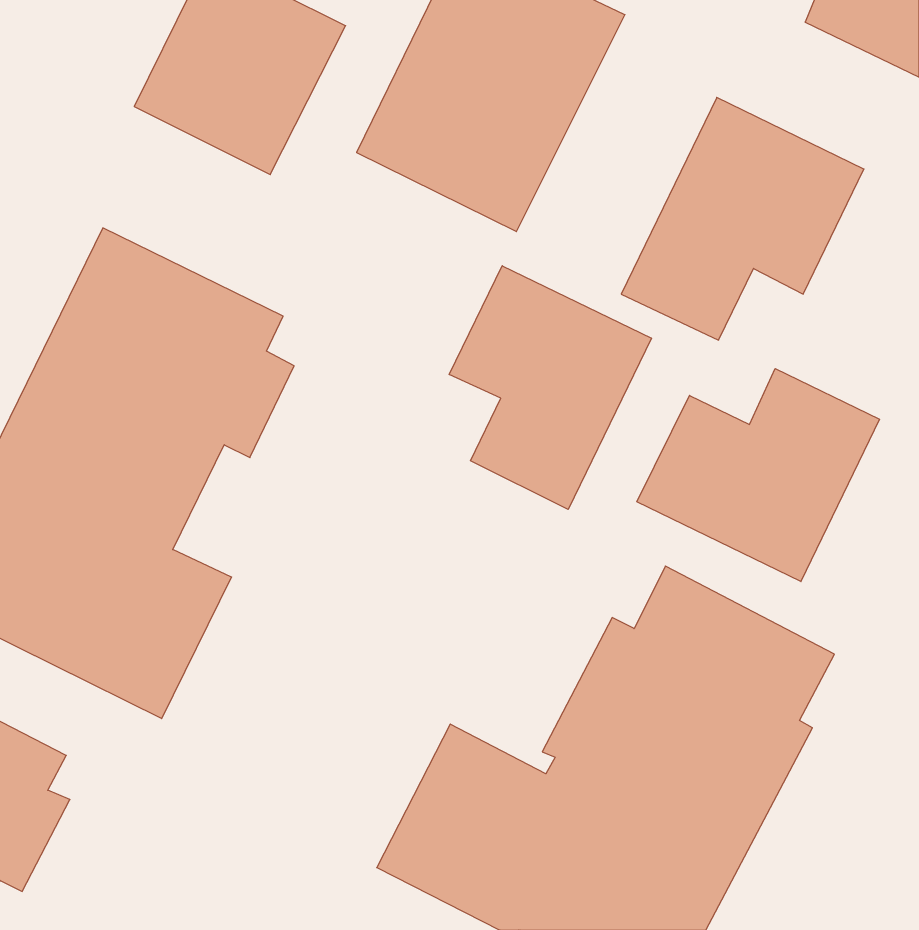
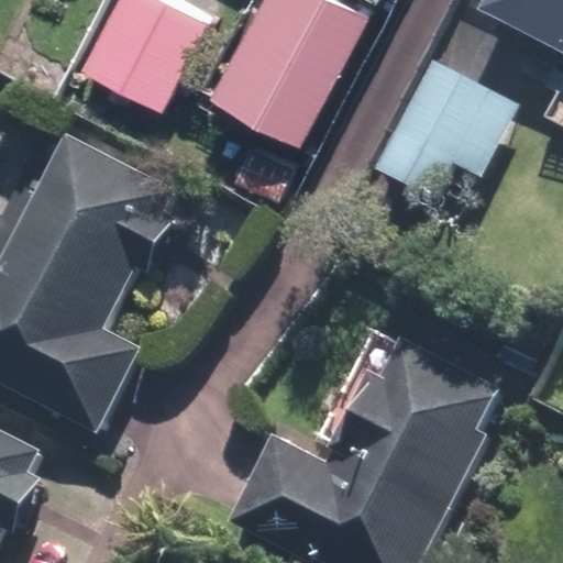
building: [449,266,651,509] -> none
building: [637,369,880,582] -> none

